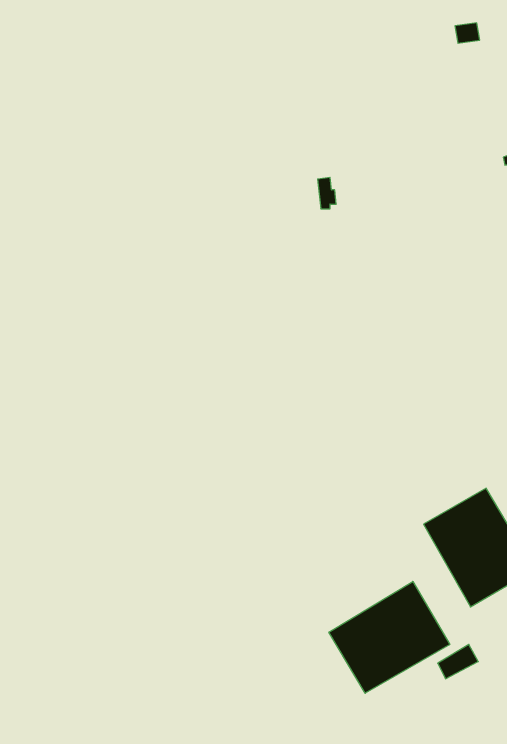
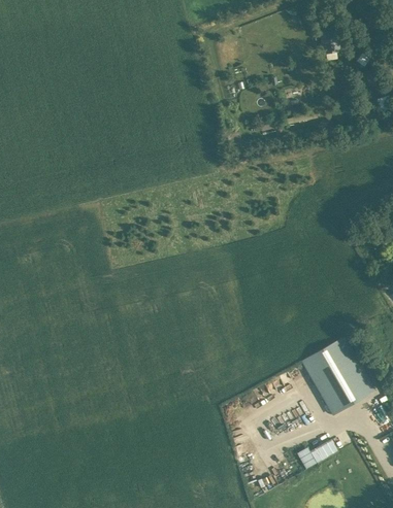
building: [329,581,450,693] -> none

